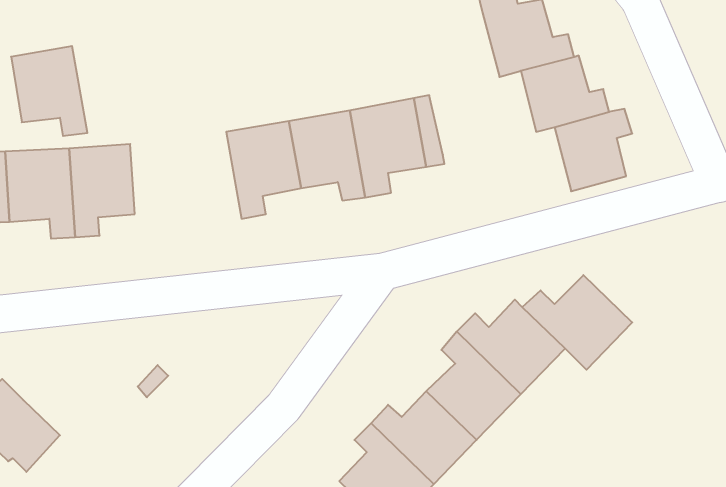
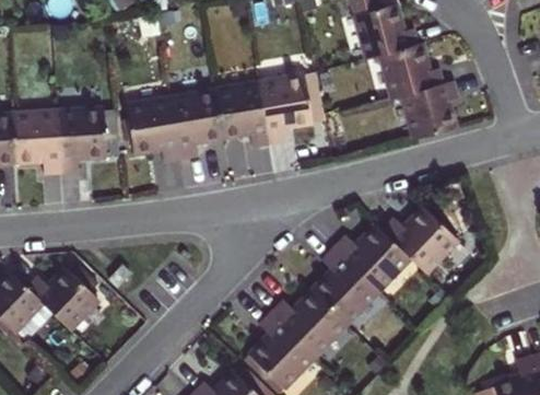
building: [11,46,87,136] -> [126,98,180,163]
building: none -> [24,271,97,333]

